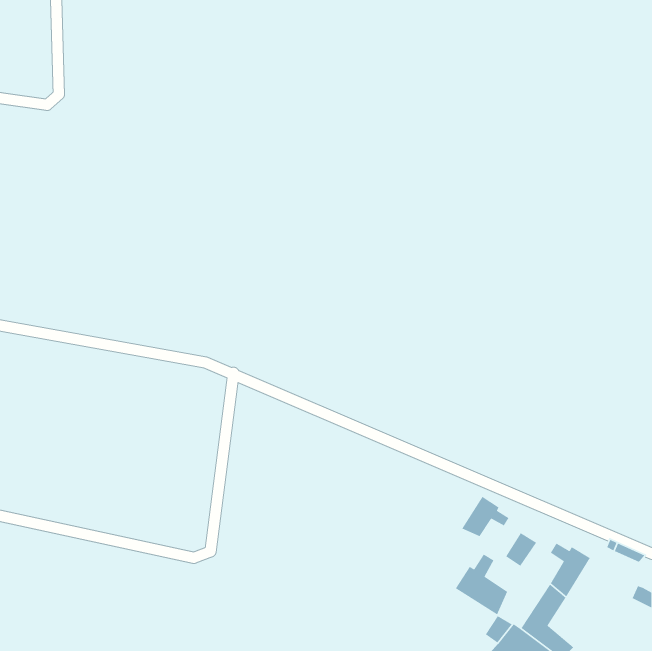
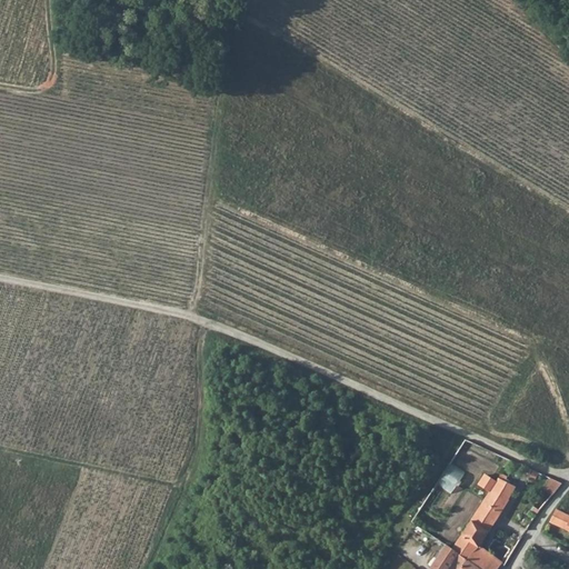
building: [461,496,509,537] -> none
building: [455,553,508,615] -> none

